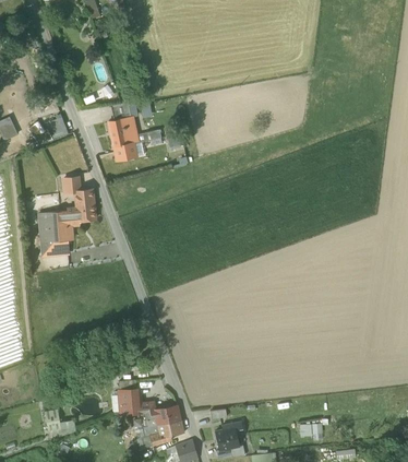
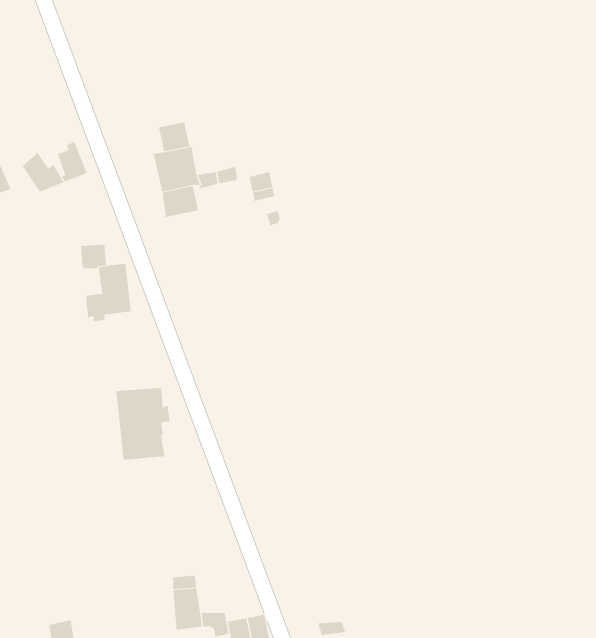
building: [38,211,72,256] -> [116,387,171,460]

